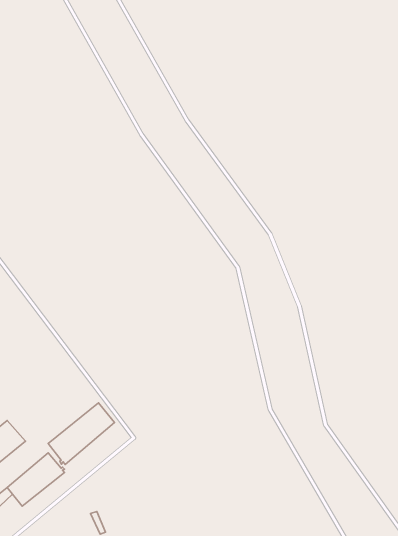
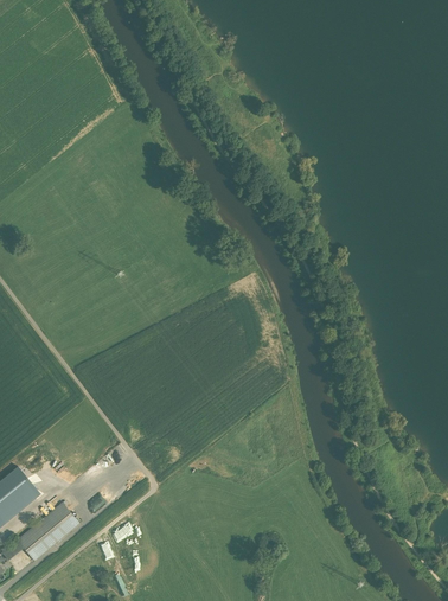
building: [48,403,114,464] -> none

